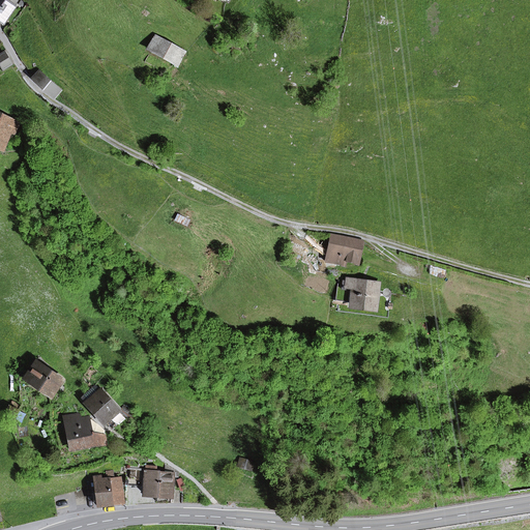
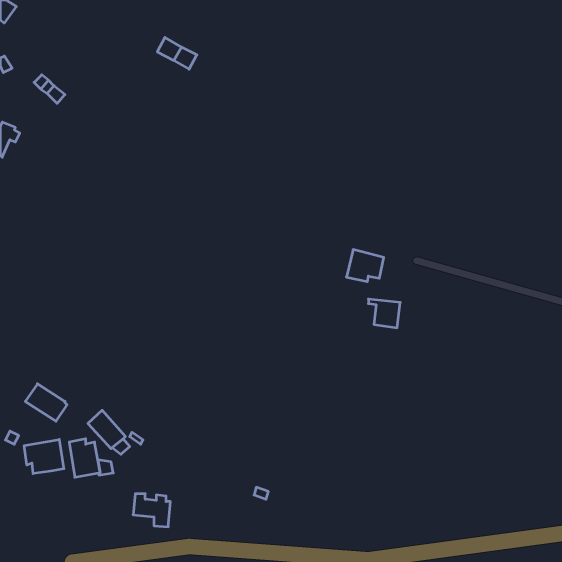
building: none -> [24,439,64,474]
building: [158,464,178,497] -> none
building: [87,471,123,507] -> none

